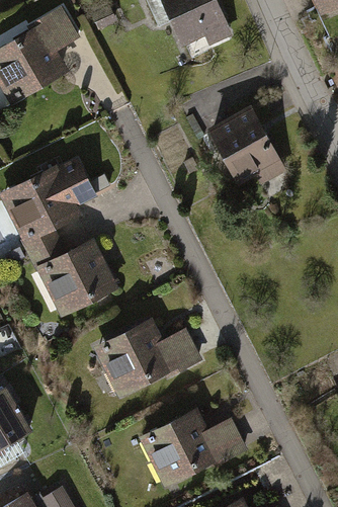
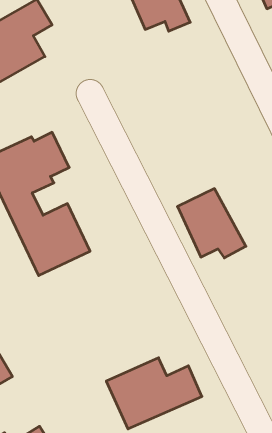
building: [208,106,285,184] -> [177,189,246,258]
building: [91,320,201,399] -> none

